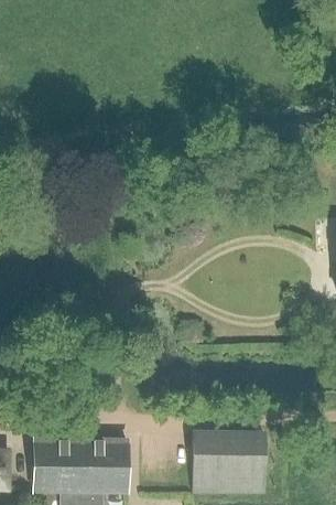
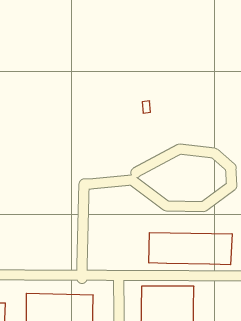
building: none -> [149,233,232,265]

